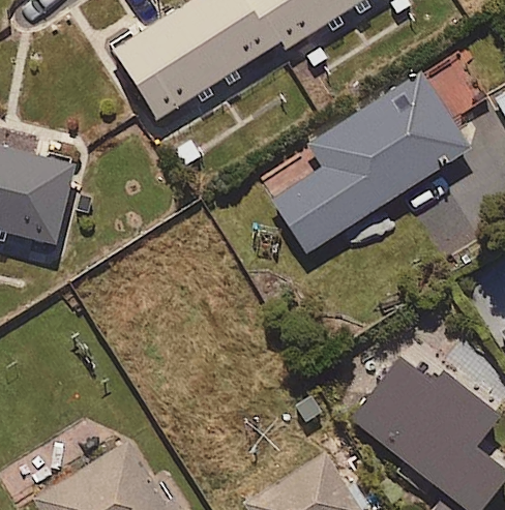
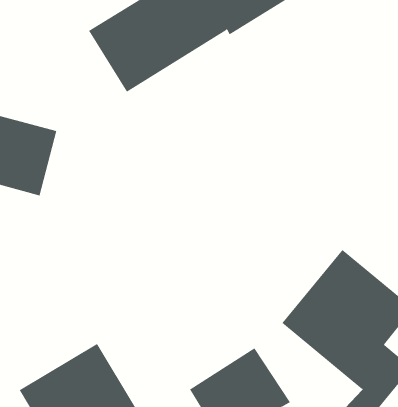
building: [270,72,470,256] -> none

